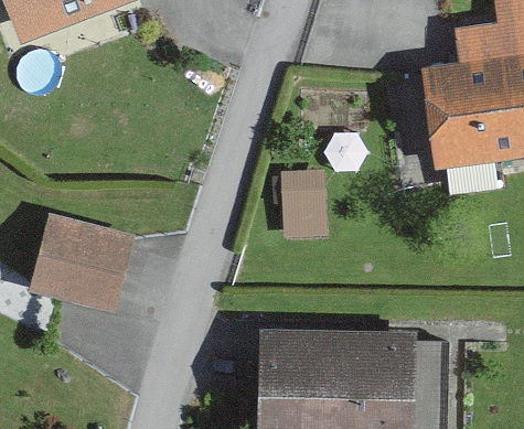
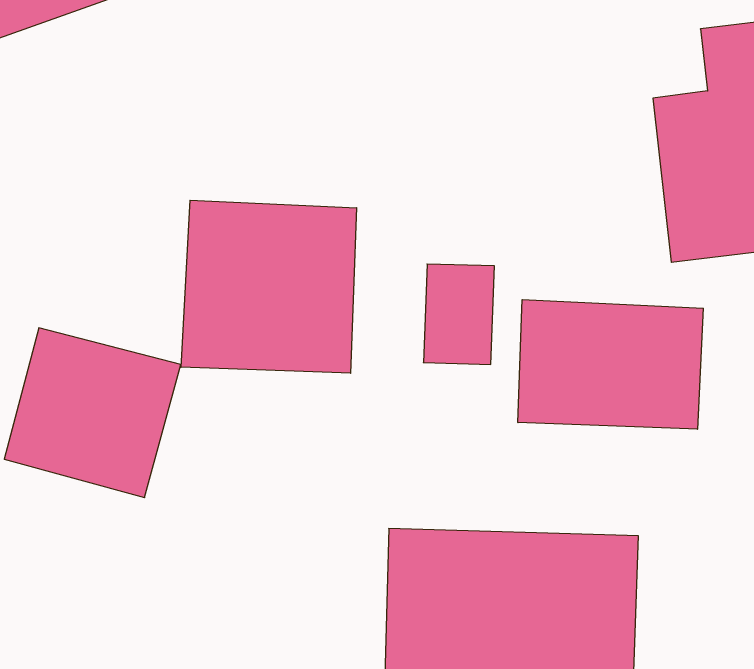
building: none -> [181,200,357,373]
building: none -> [518,300,703,429]

